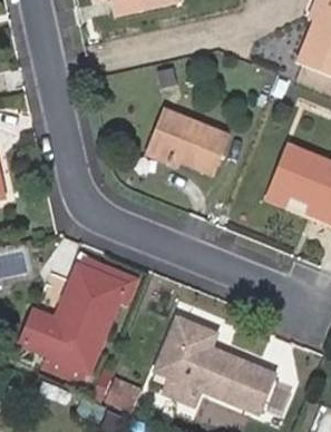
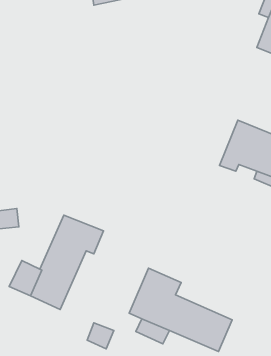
building: [148,106,230,174] -> none

